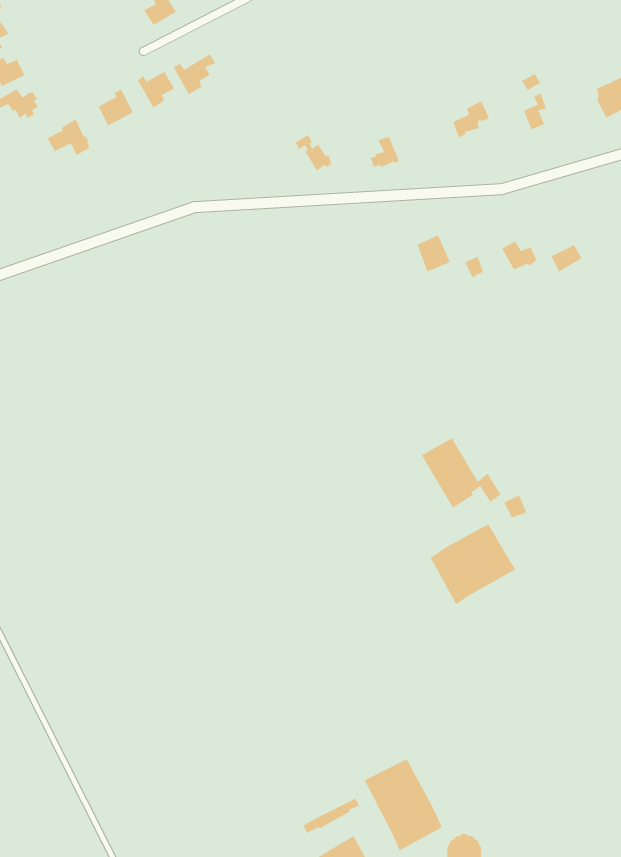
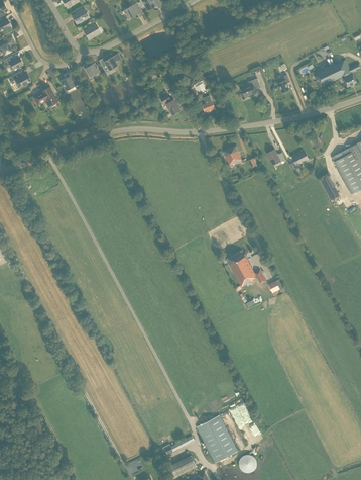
building: [430,524,516,605] -> none

